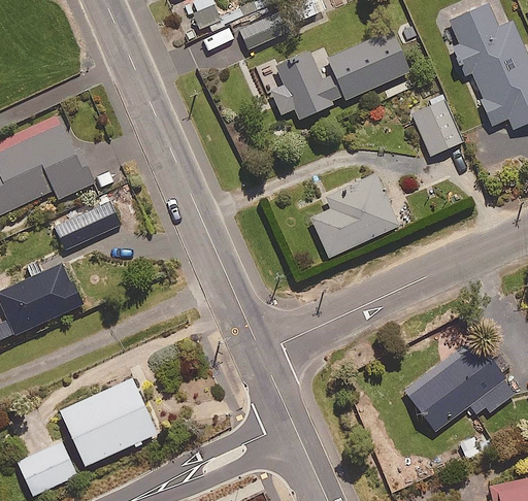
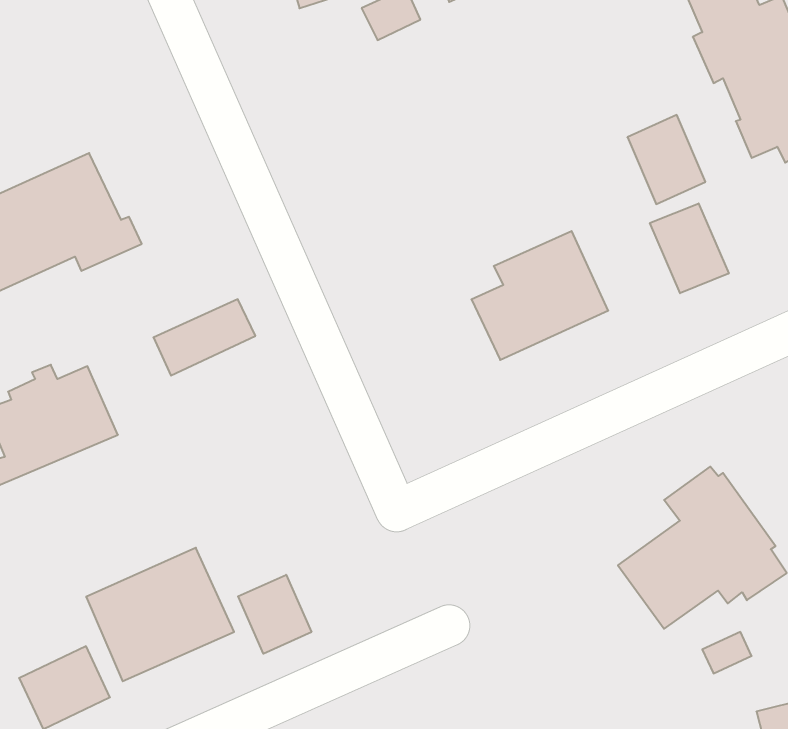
building: [270,31,411,120] -> none
building: none -> [650,203,729,293]
building: [55,201,121,250] -> [153,299,255,376]
building: none -> [238,575,311,654]

